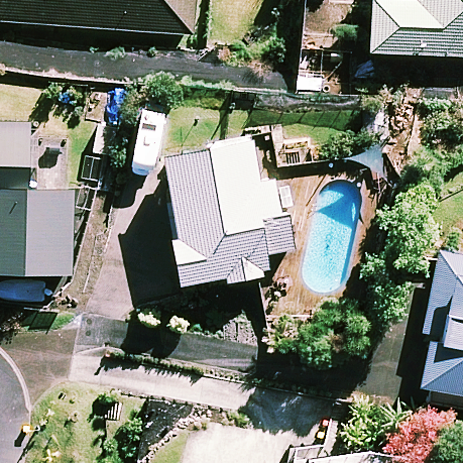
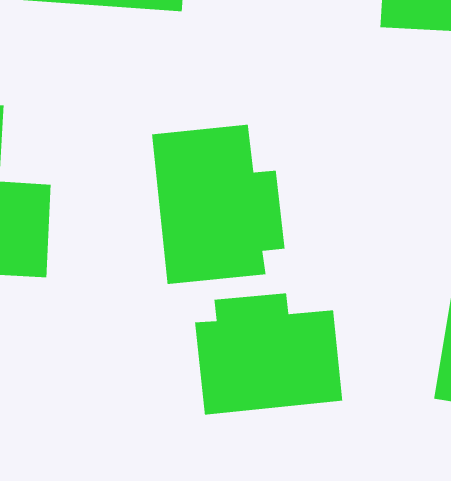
building: none -> [194,292,343,416]

